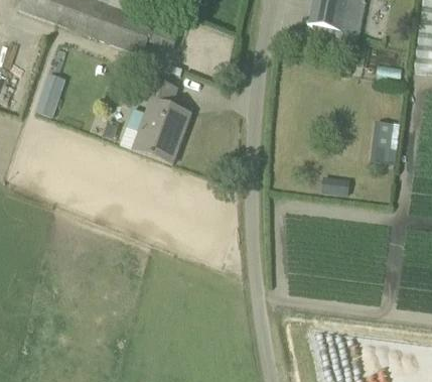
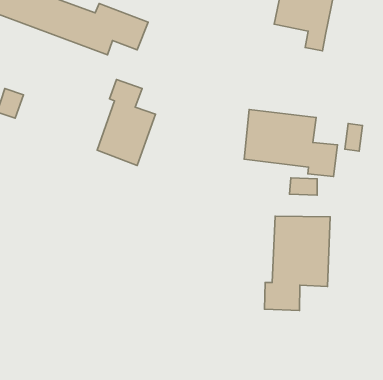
building: none -> [244,109,337,177]
building: none -> [264,216,330,310]

